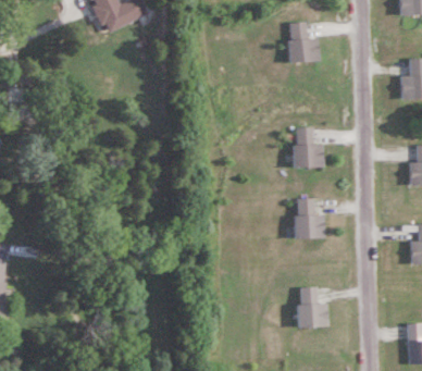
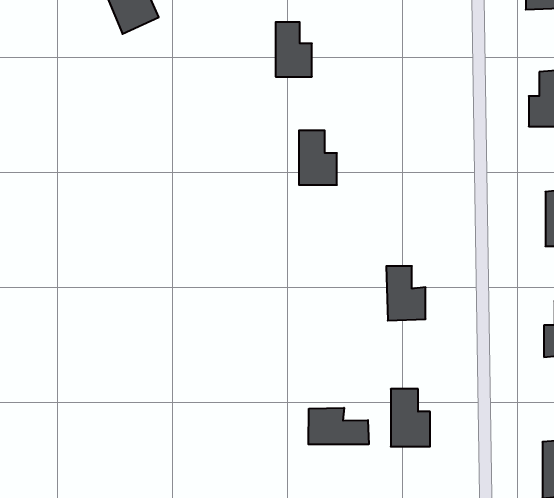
building: [290,22,316,61] -> [276,22,312,77]
building: [296,127,323,166] -> [299,130,337,185]
building: none -> [308,408,369,444]

